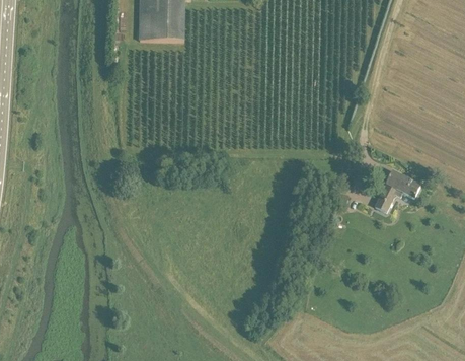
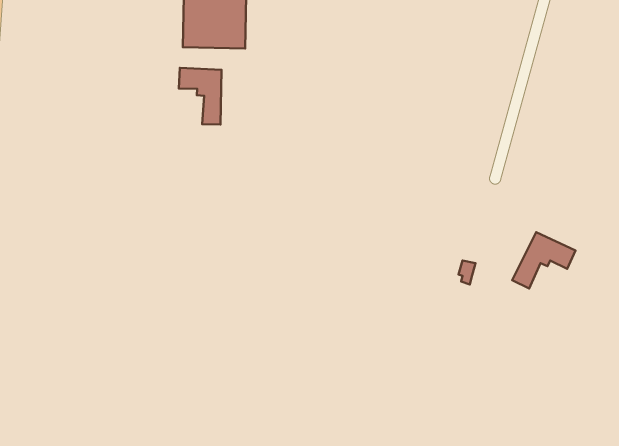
building: none -> [179,68,221,125]

